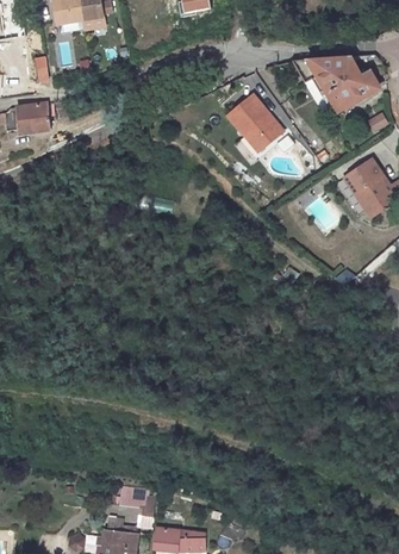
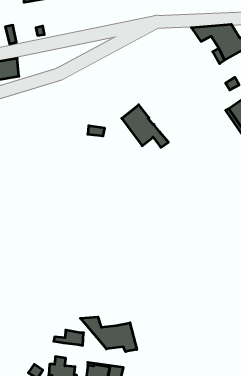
building: [231,95,297,155] -> [122,105,168,147]
building: none -> [80,317,137,352]

